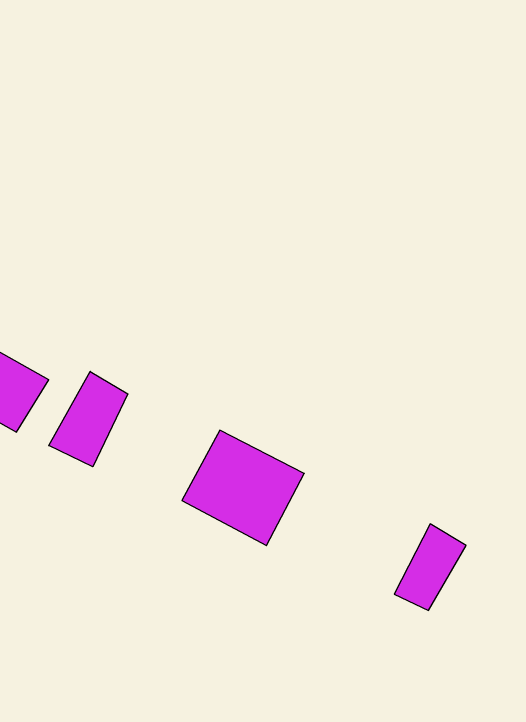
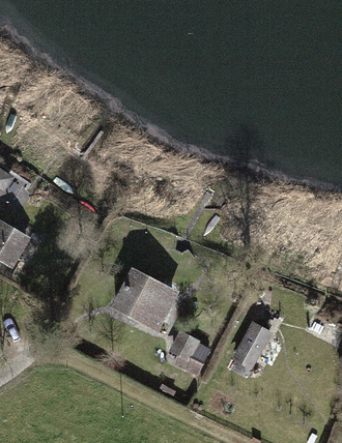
building: [49,371,128,467] -> none
building: none -> [169,331,212,377]

